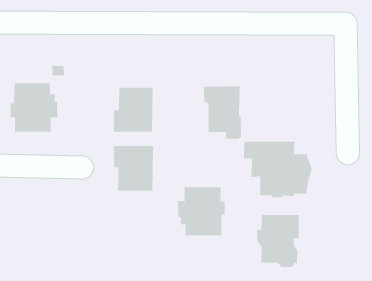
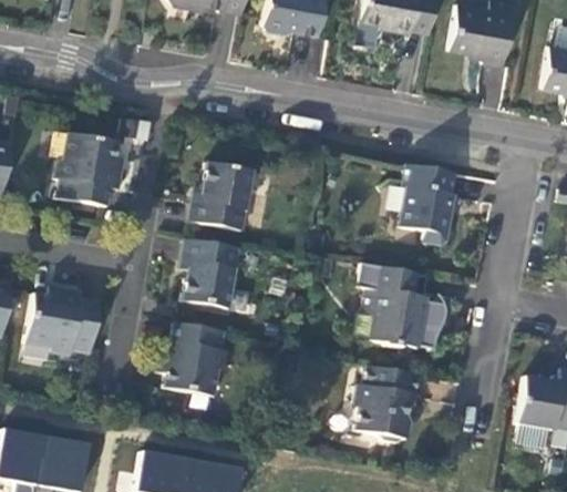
building: [203,86,242,139] -> [402,164,456,243]
building: [177,187,225,236] -> [161,322,228,397]
building: none -> [27,287,101,355]

